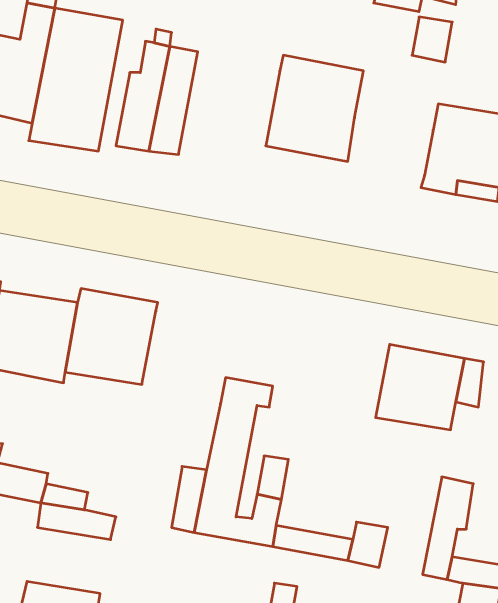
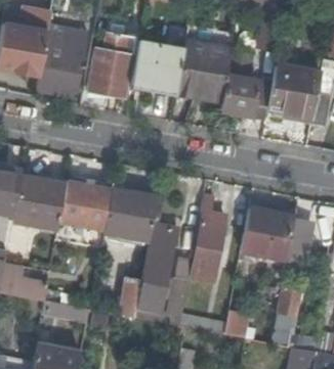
building: none -> [132,40,184,94]
building: none -> [221,76,275,121]
building: none -> [102,189,159,243]
building: none -> [192,197,227,281]

